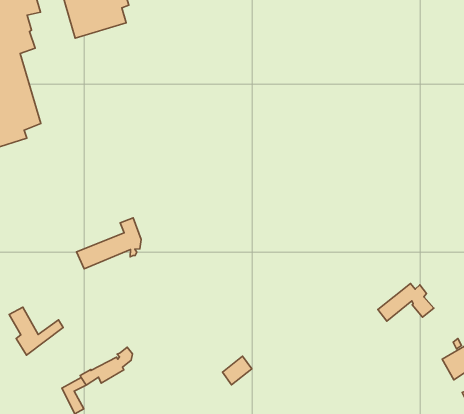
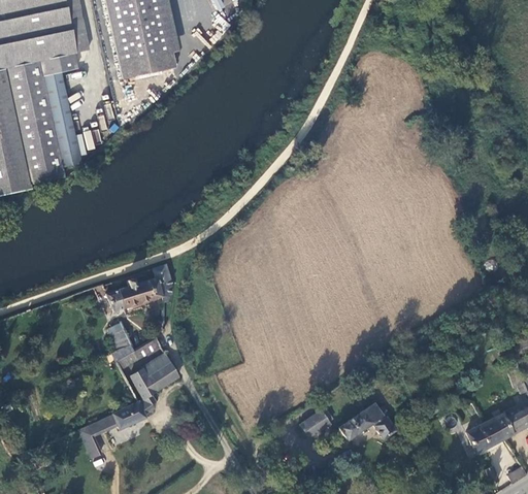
building: [378,283,434,321] -> [338,403,395,439]
building: none -> [127,354,176,400]
building: [9,307,63,355] -> [105,322,159,370]
building: [222,356,252,385] -> [299,409,329,437]

